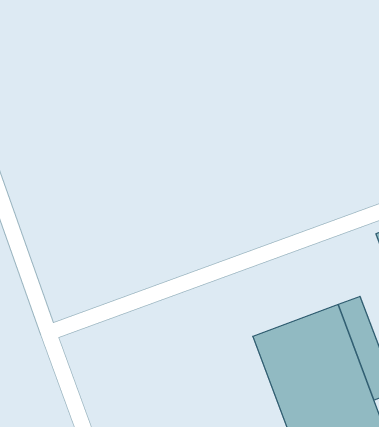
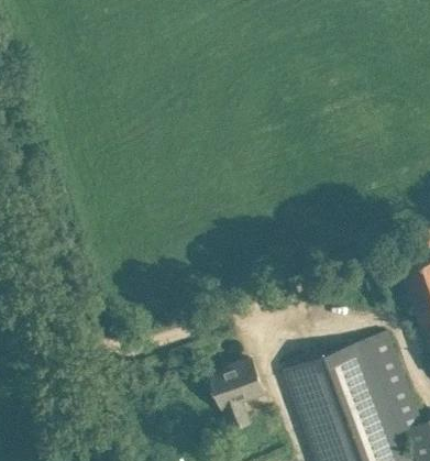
building: none -> [210,360,264,429]

